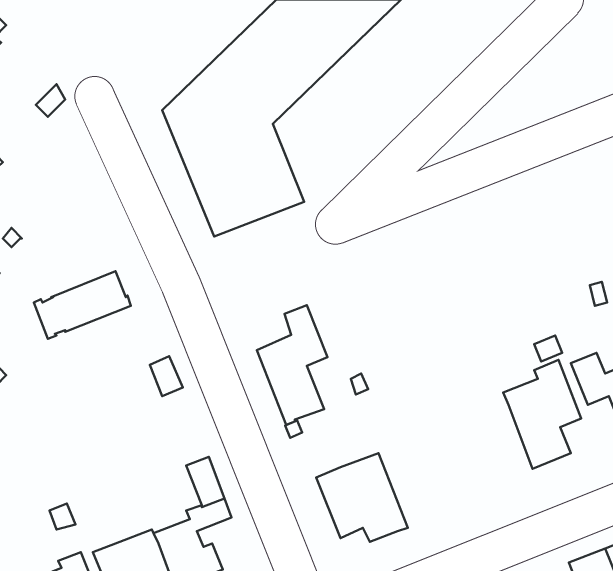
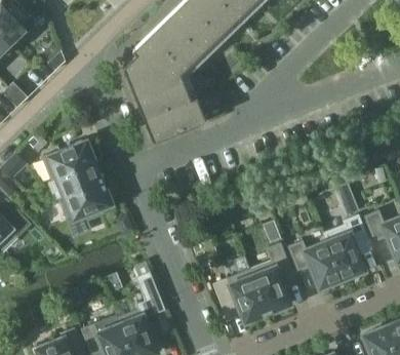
building: none -> [42,141,94,181]
building: [257,305,328,425] -> [250,243,292,314]
building: none -> [59,183,112,237]
building: none -> [288,240,342,288]

